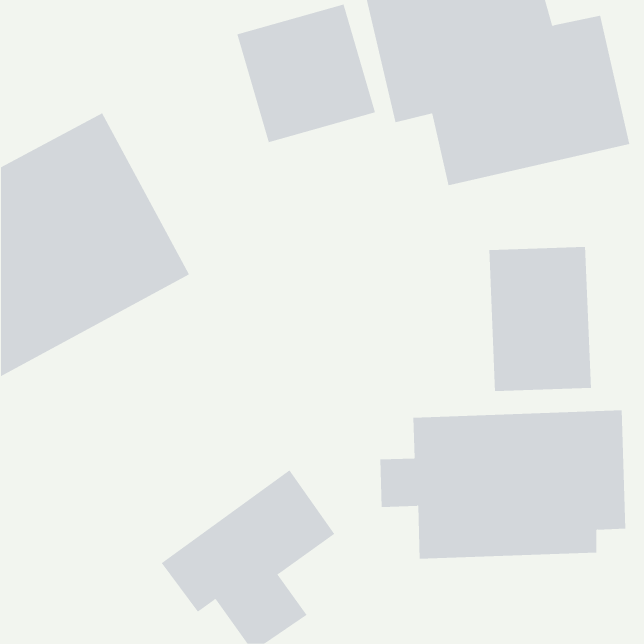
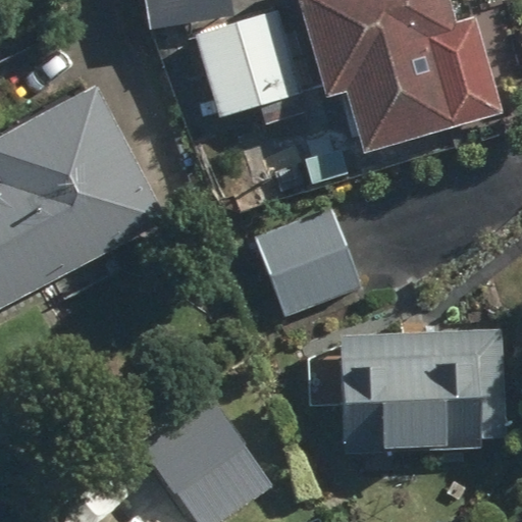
building: [489,246,591,392] -> none
building: none -> [254,206,362,319]

